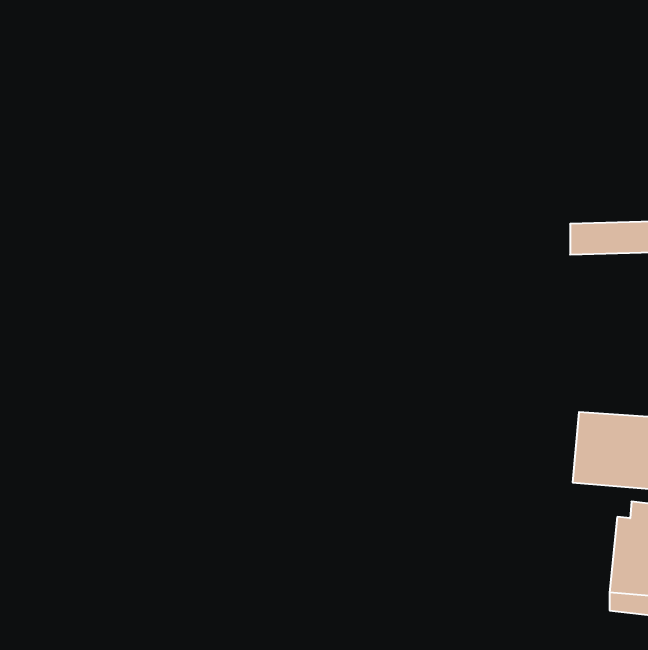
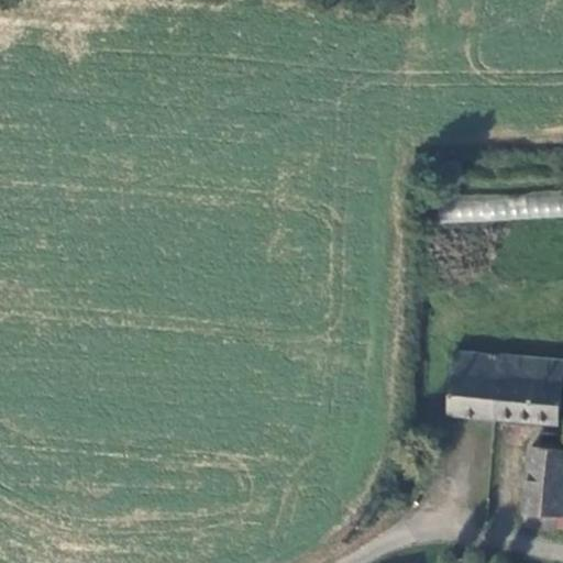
building: none -> [448,355,503,418]

